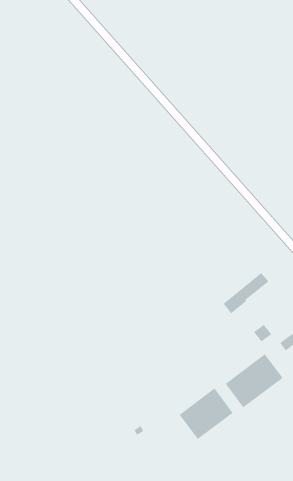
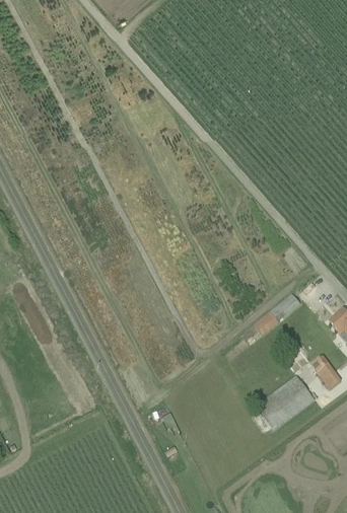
building: [179,388,234,440] -> none

